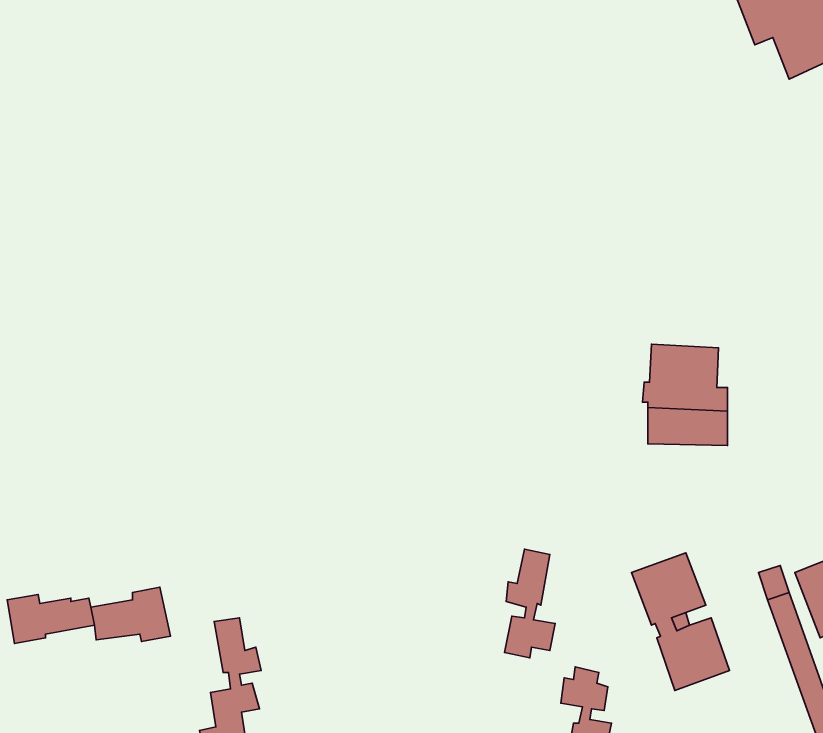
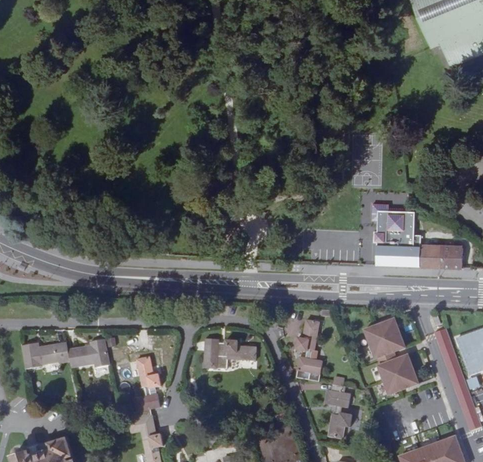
building: none -> [418,242,461,262]
building: none -> [202,338,255,368]

